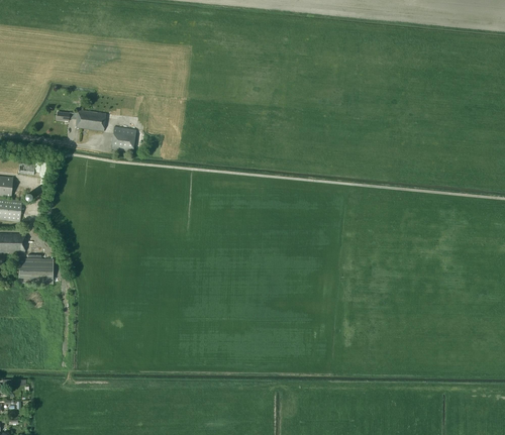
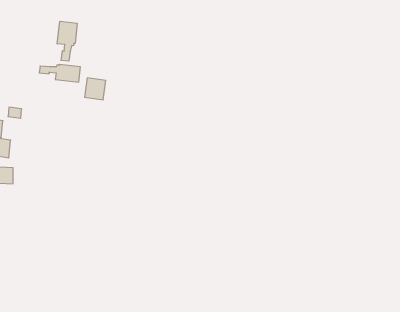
building: none -> [57,21,77,61]
building: [18,257,53,283] -> none

